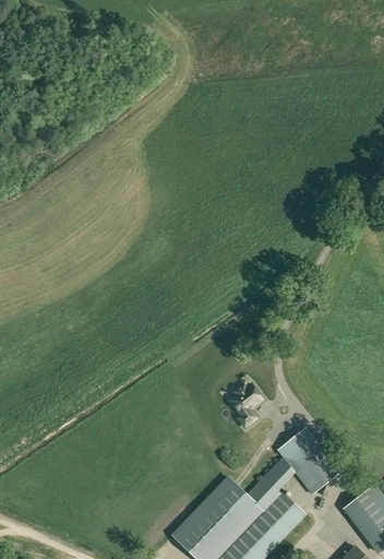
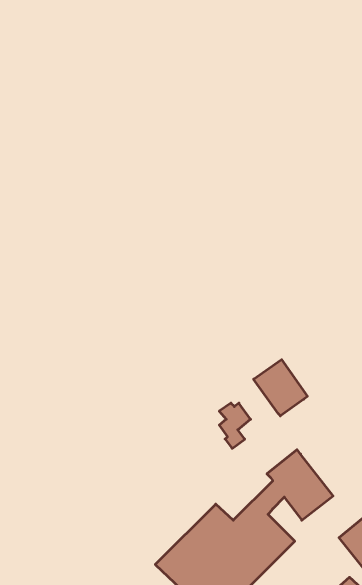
building: none -> [254,360,307,416]

